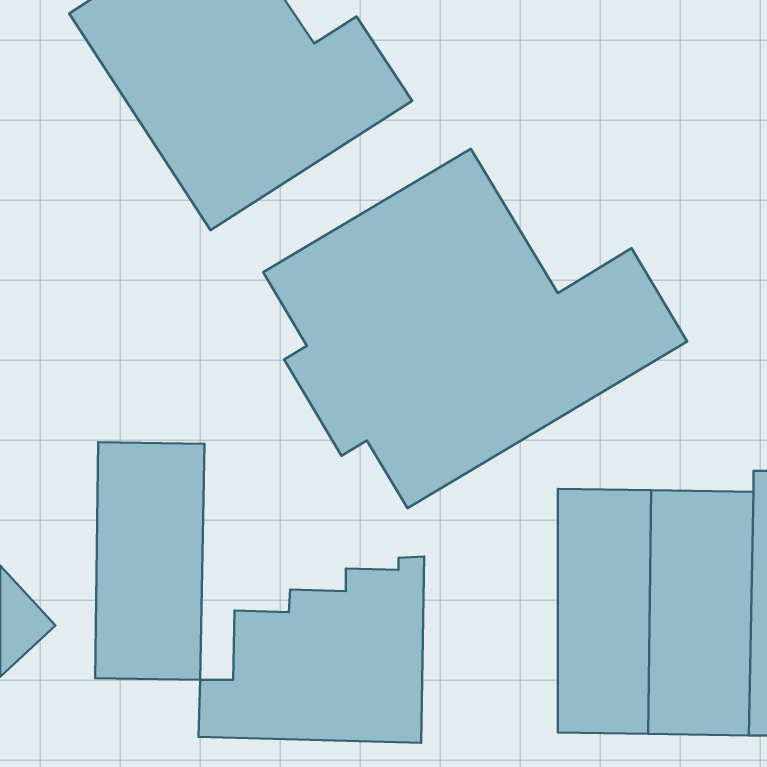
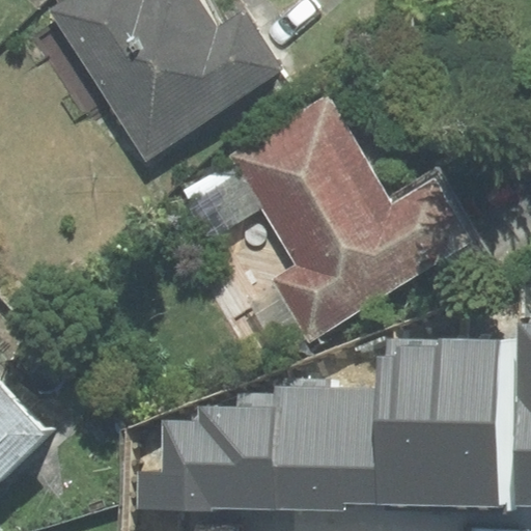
building: [95,442,204,680] -> none
building: none -> [291,384,386,512]

